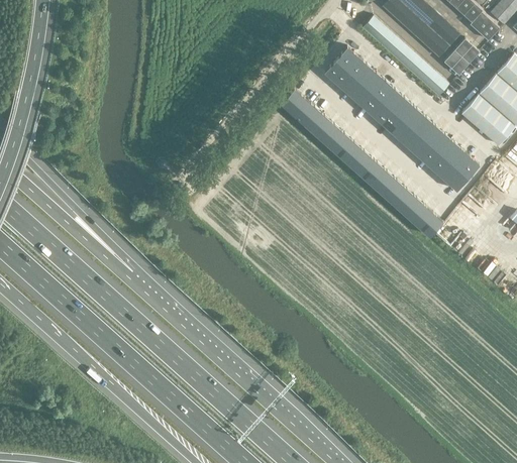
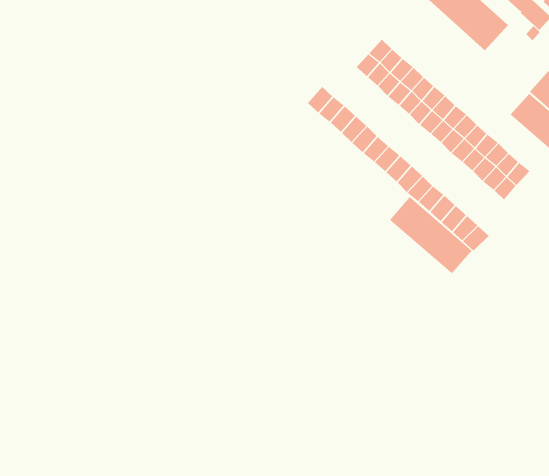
building: [360,17,449,96] -> none
building: [444,40,479,75] -> none
building: none -> [389,196,472,274]

